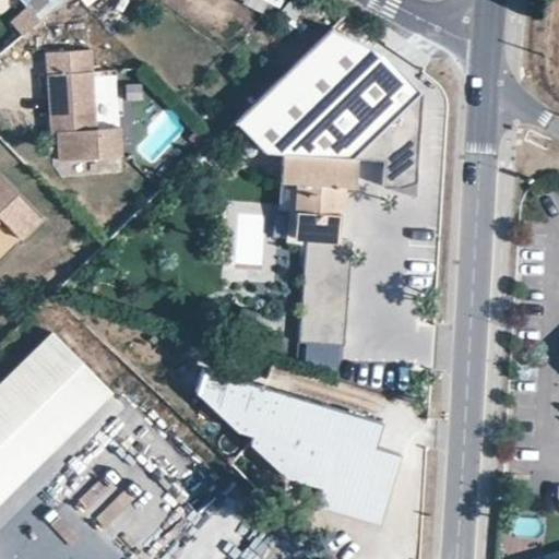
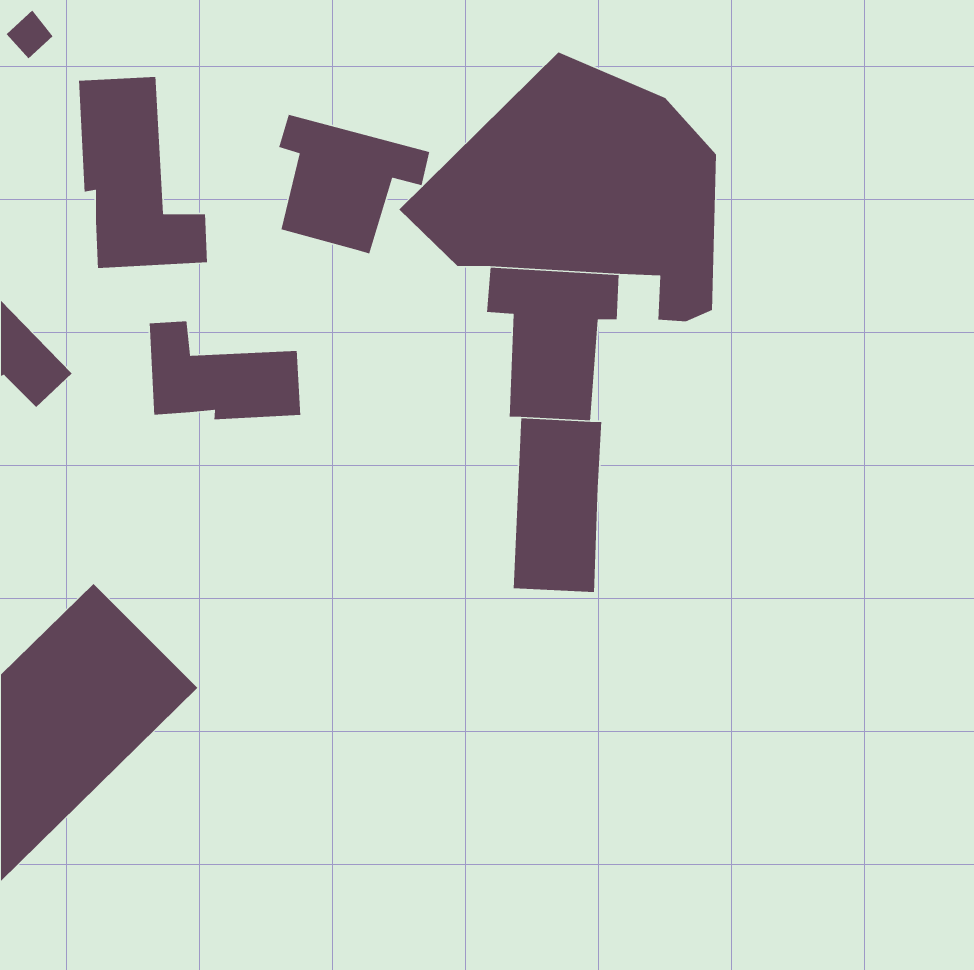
building: none -> [278,114,430,255]
building: none -> [149,320,301,420]
building: [199,371,404,526] -> none

